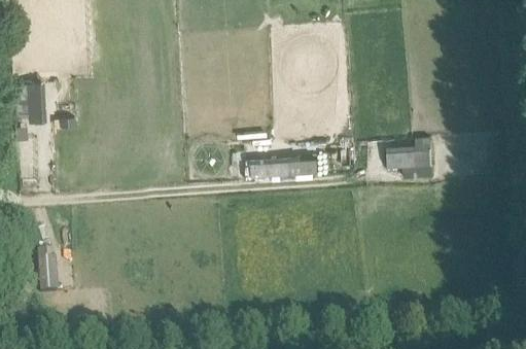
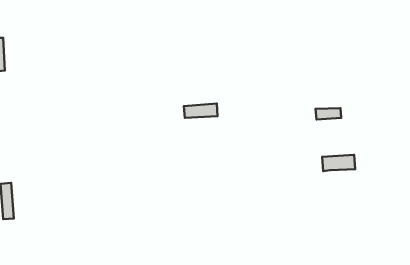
building: [393,145,431,164] -> [322,155,355,171]

